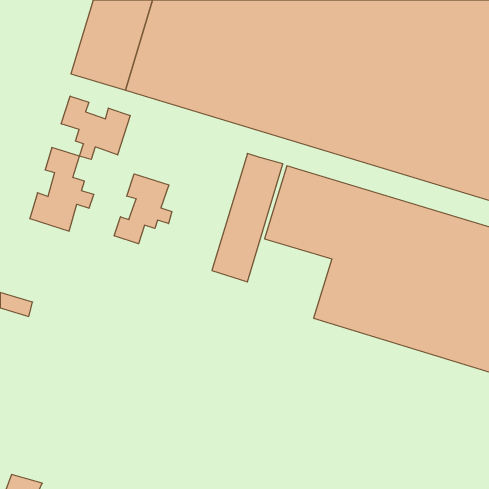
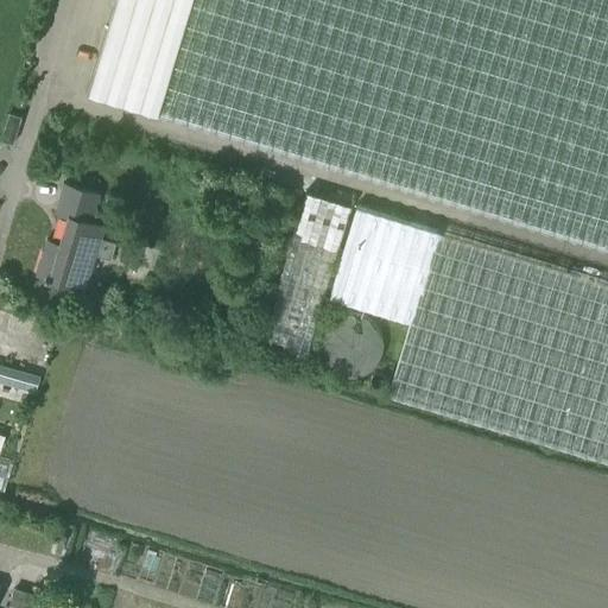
building: [61,96,130,159] -> none
building: [114,174,172,244] -> none

